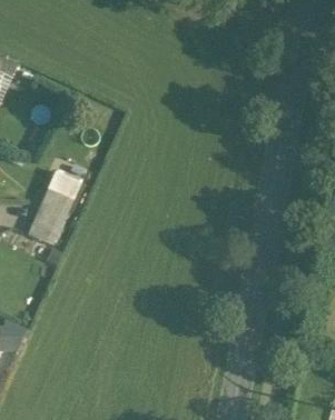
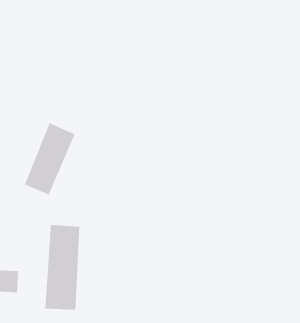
building: none -> [45,224,80,310]

